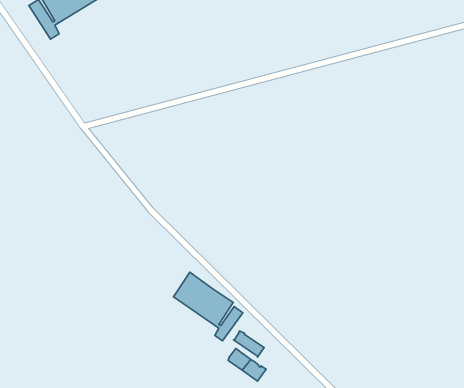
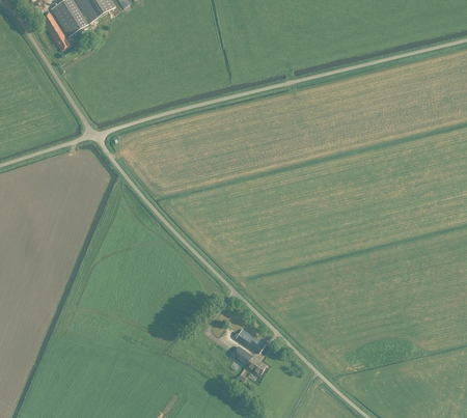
building: [173,272,243,341] -> none

